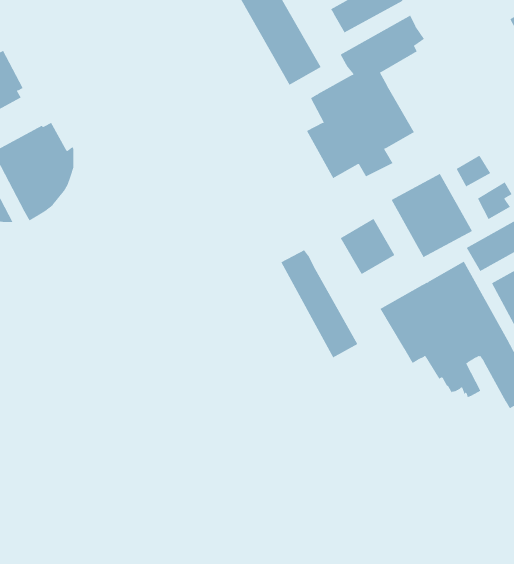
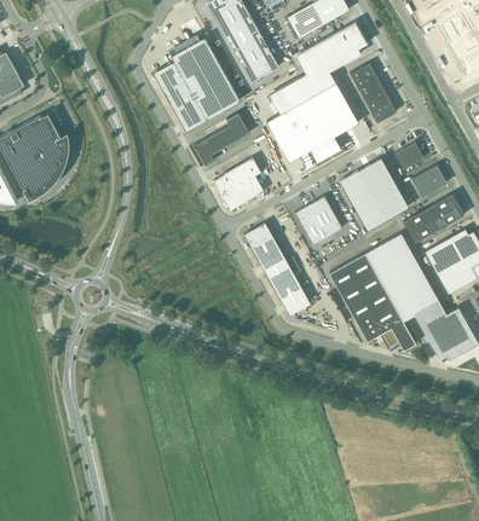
building: none -> [154,37,241,132]
building: none -> [350,64,397,123]
building: none -> [195,114,250,167]
building: none -> [214,158,264,212]

